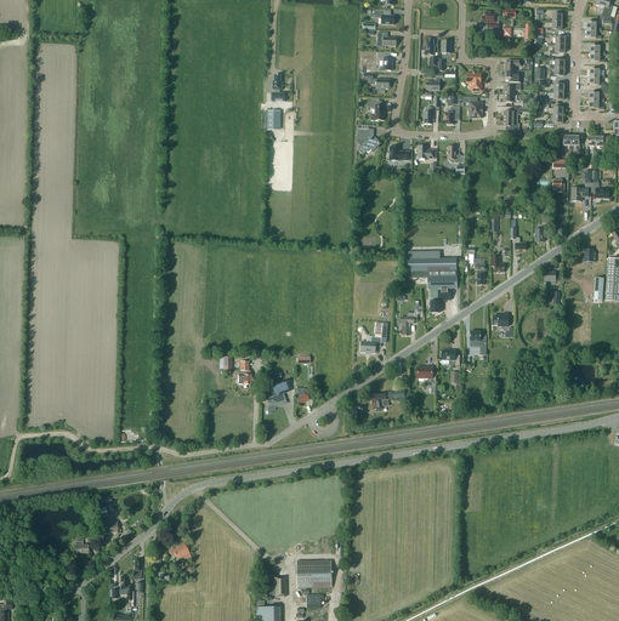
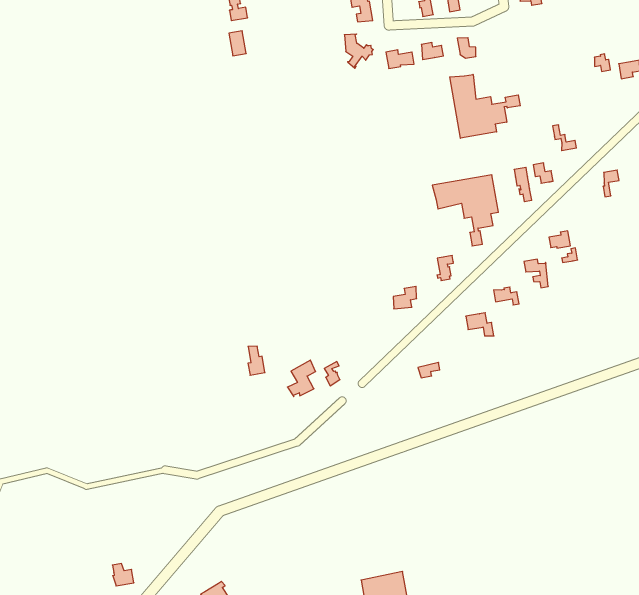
building: none -> [450,74,520,138]

